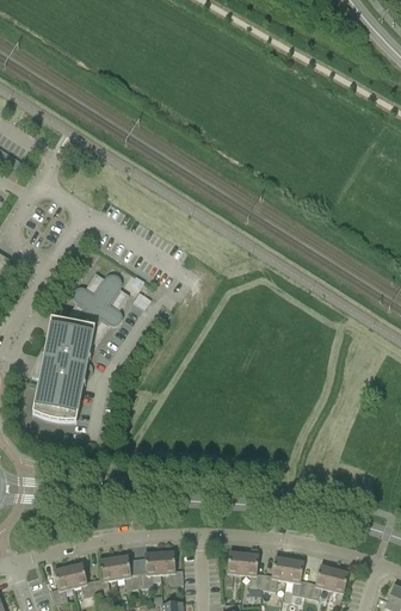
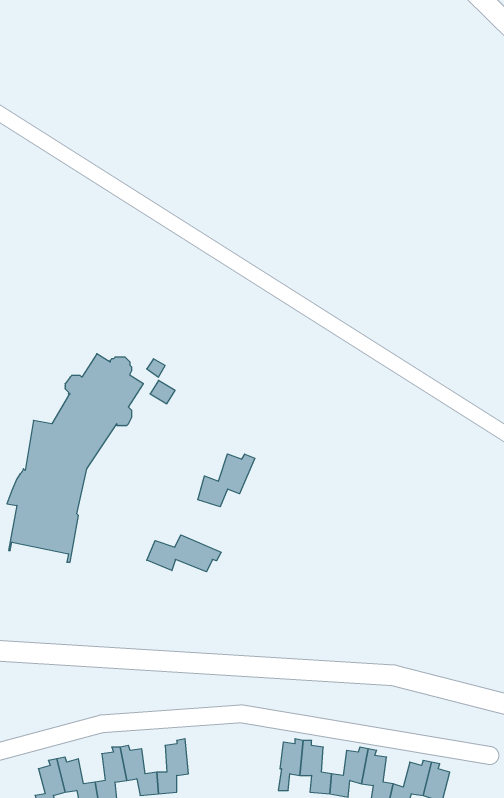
building: none -> [198,454,255,507]
building: none -> [147,535,221,572]
building: [159,549,183,586] -> none

